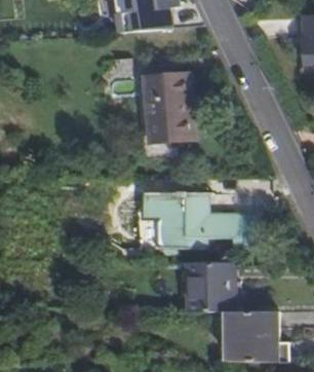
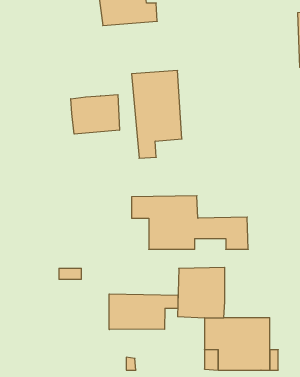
building: none -> [71,95,119,134]
building: none -> [109,294,178,330]

